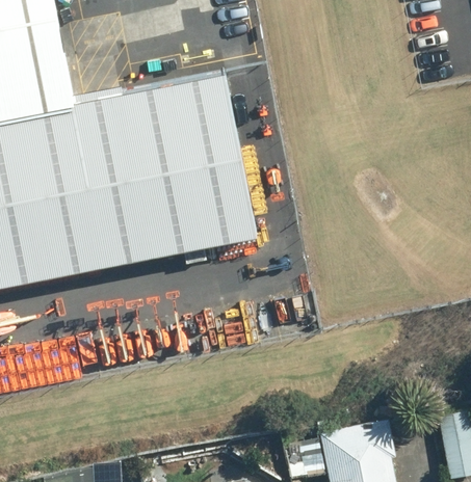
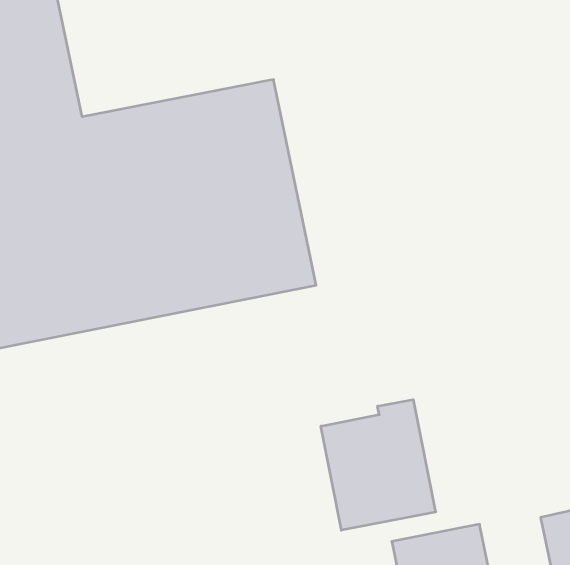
building: none -> [321,400,436,530]

